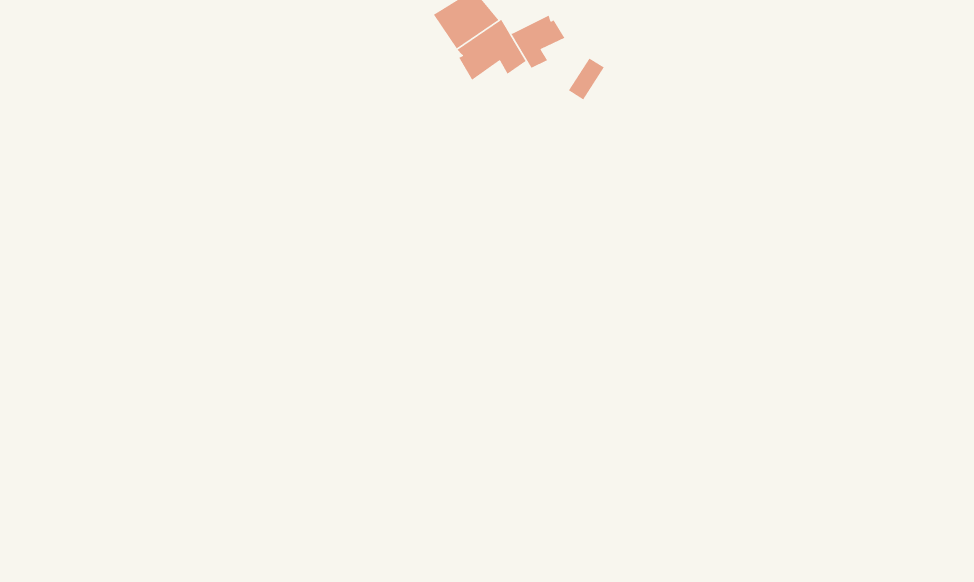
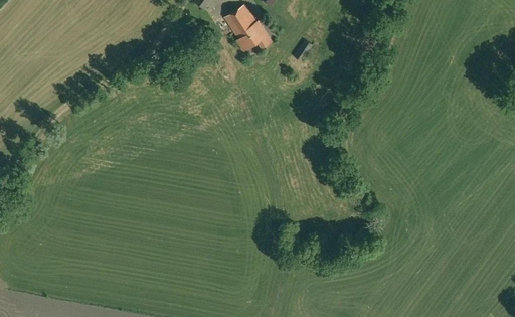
building: [510,14,565,69] -> none

